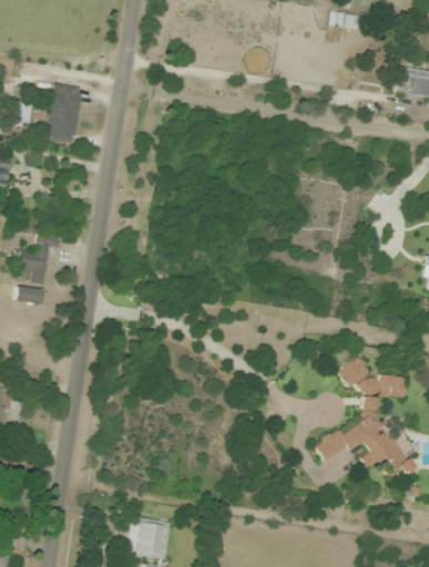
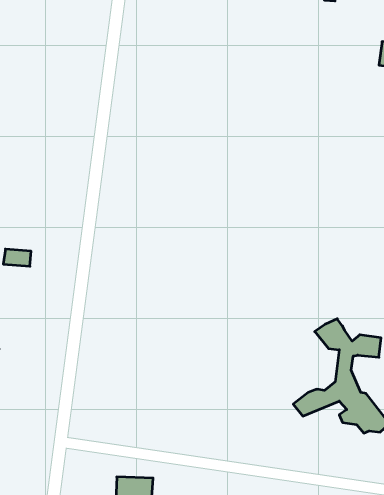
building: [50,83,84,144] -> none
building: [16,235,60,285] -> none

